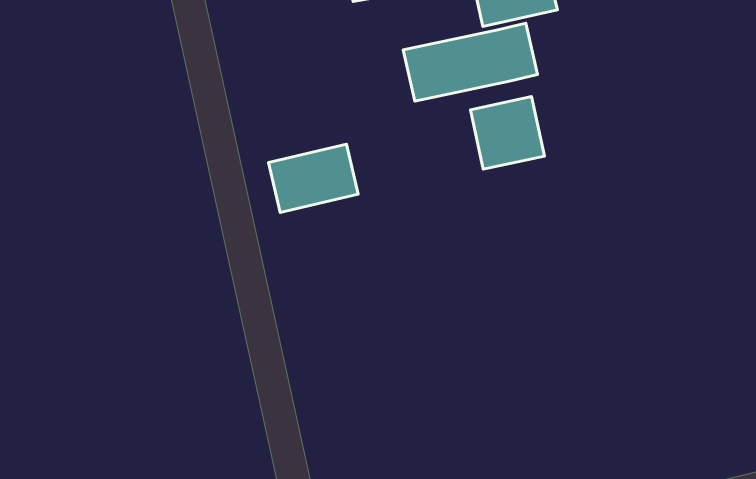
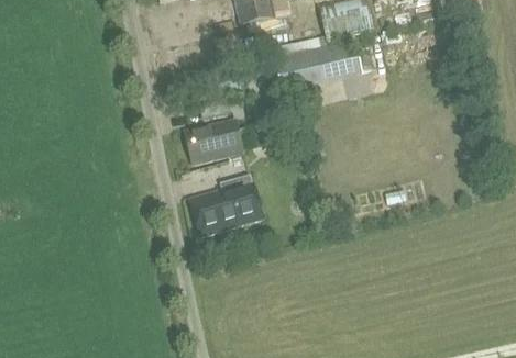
building: [470,97,544,169] -> none
building: none -> [190,175,262,235]

